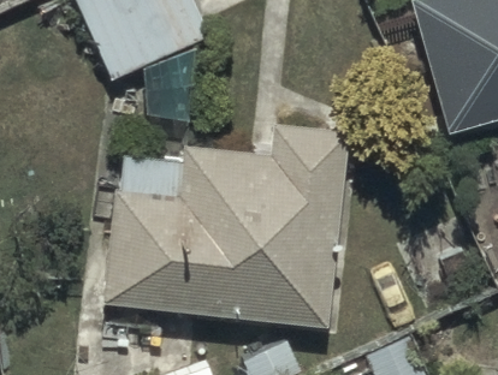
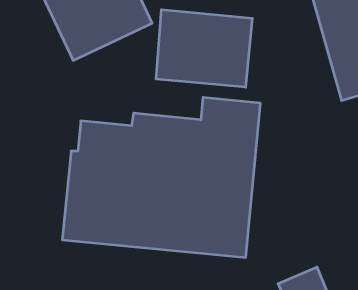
building: none -> [156,10,252,87]

